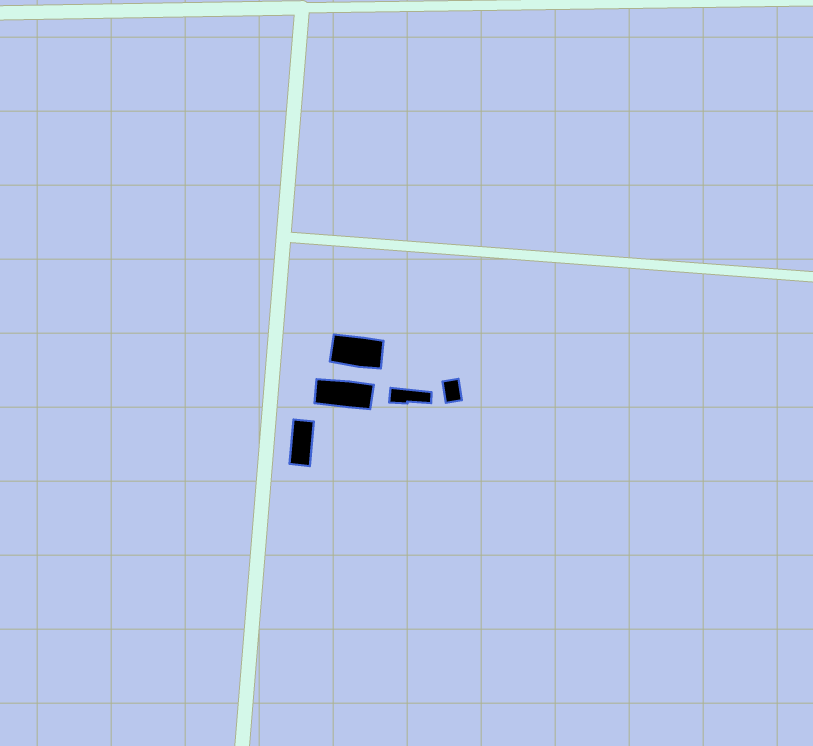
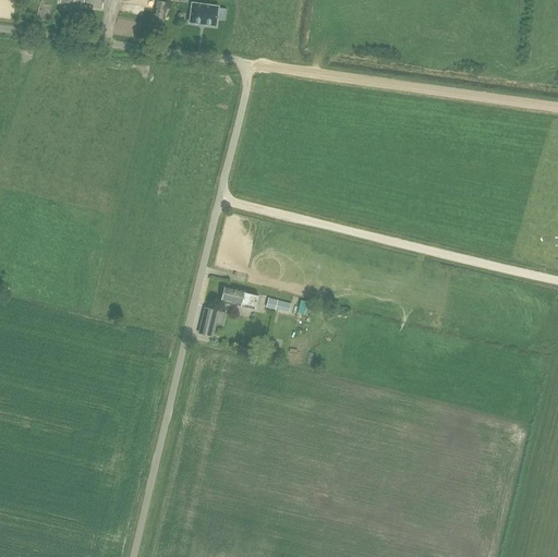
building: [330,334,383,369] -> none

